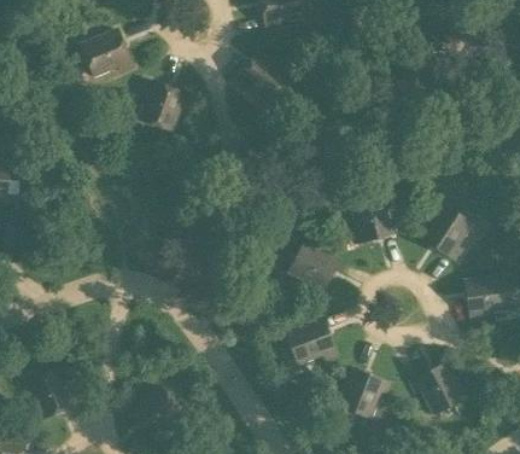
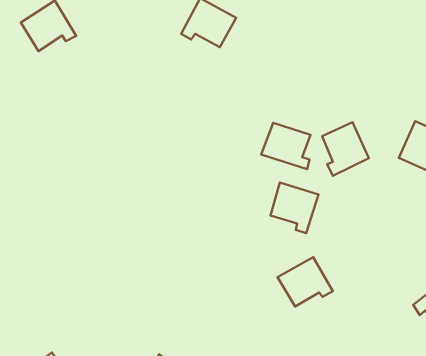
building: [144,81,187,132] -> none
building: none -> [261,123,310,169]
building: [341,371,392,419] -> none

